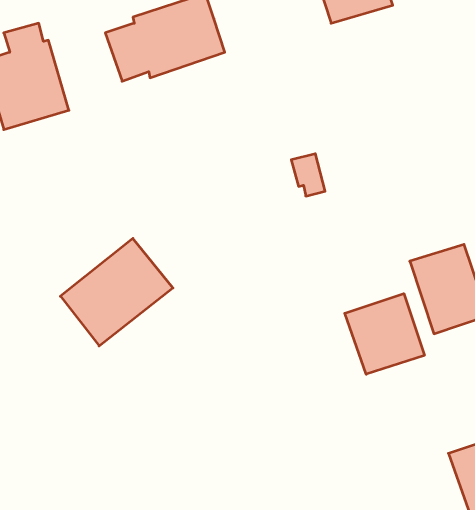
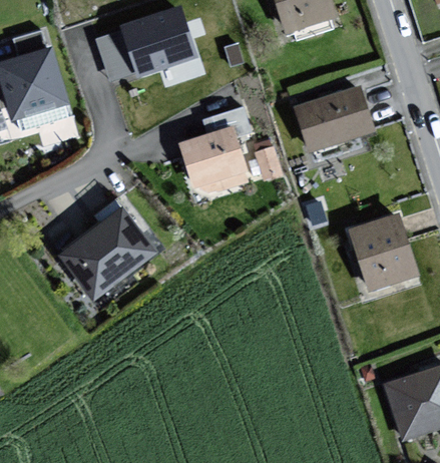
building: none -> [296,86,375,151]
building: none -> [177,105,255,204]
building: [345,294,424,374] -> none

